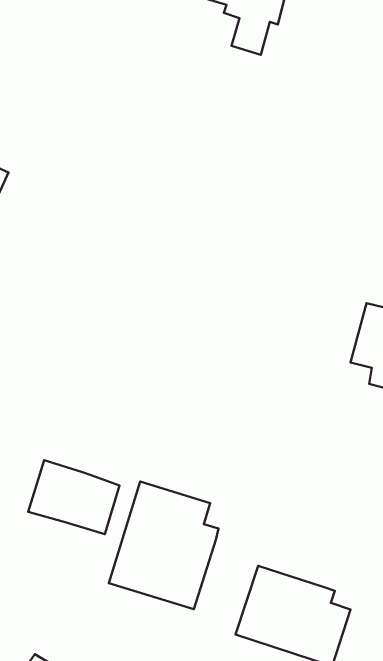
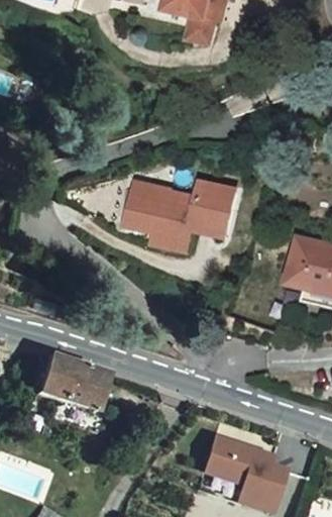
building: none -> [128,182,234,250]
building: [109,482,219,609] -> none

